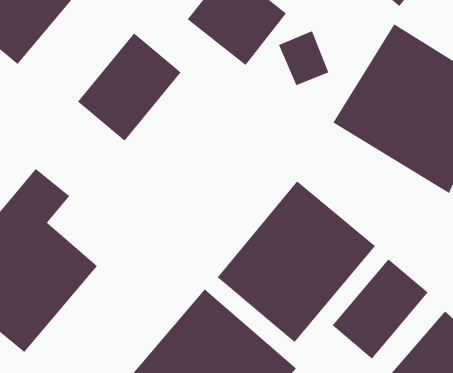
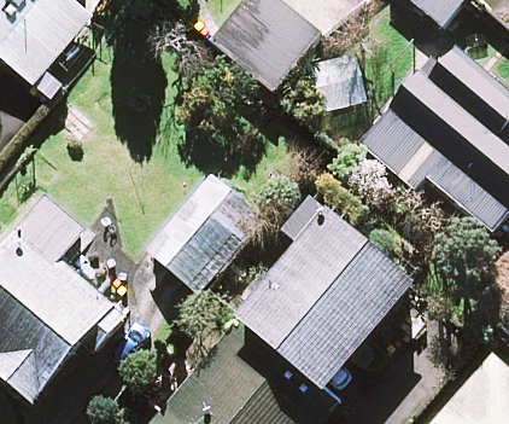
building: [77,33,182,142] -> [146,173,259,291]
building: [332,258,428,359] -> none

